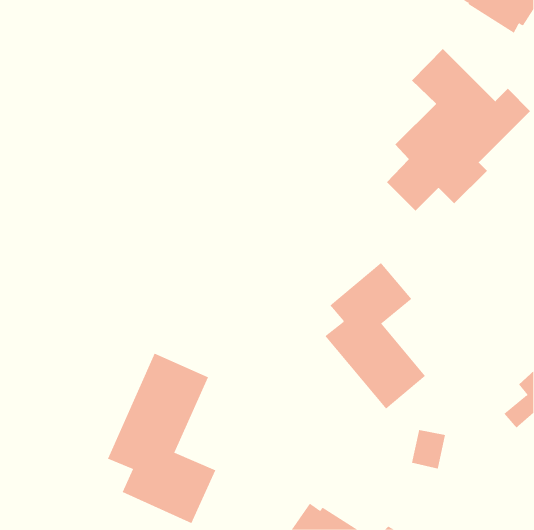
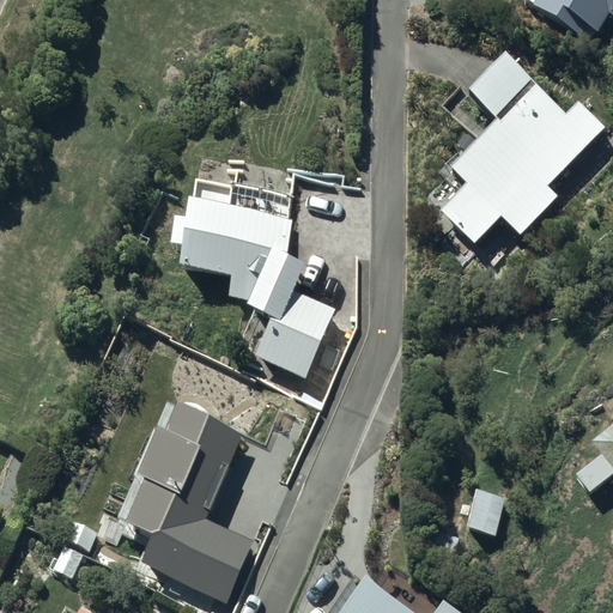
building: none -> [172,181,334,376]
building: [325,262,426,409] -> none

